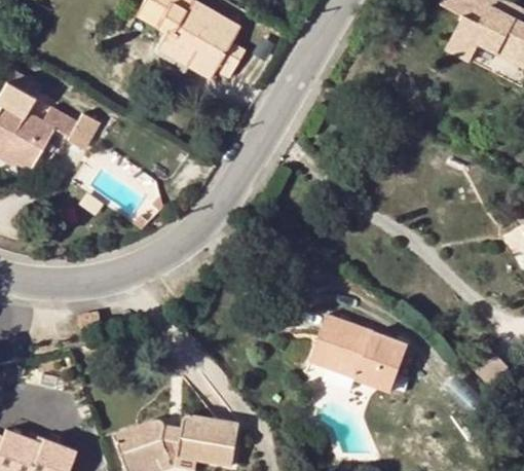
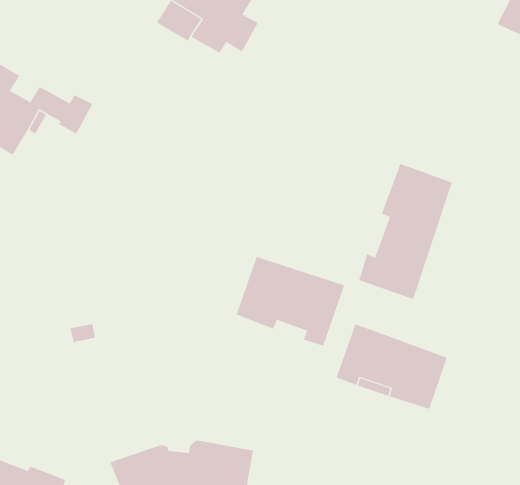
building: none -> [358,163,453,300]
building: none -> [236,256,345,346]

